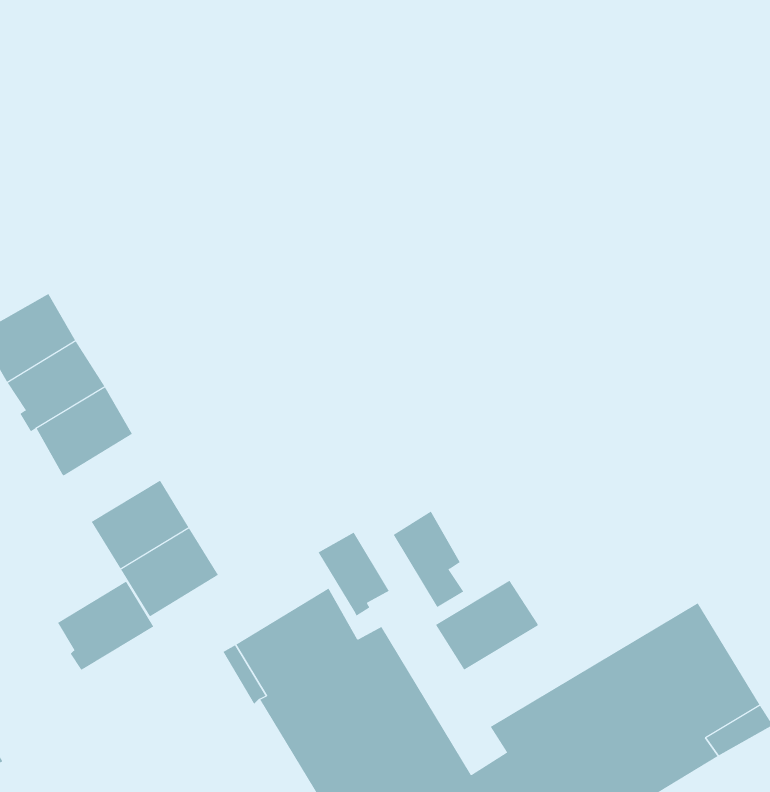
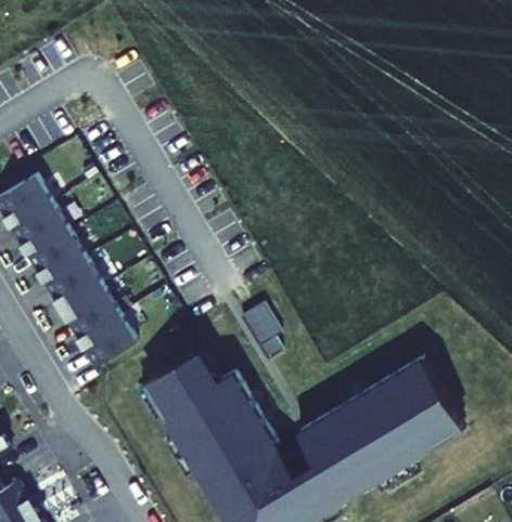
building: [318,532,390,616] -> none
building: [435,580,538,670] -> none
building: [57,581,154,670] -> [46,259,103,312]

